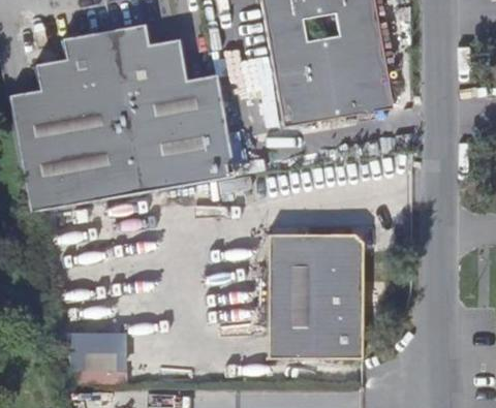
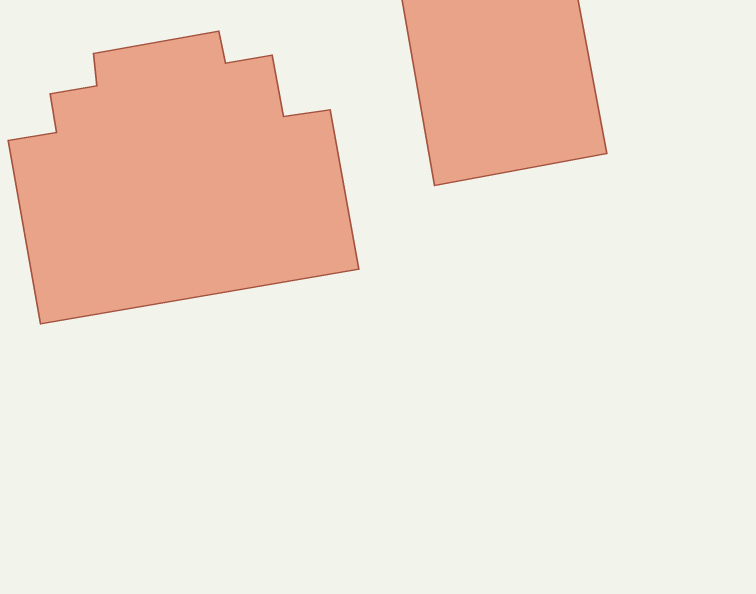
building: [268,236,361,359] -> none
building: [71,328,128,375] -> none

